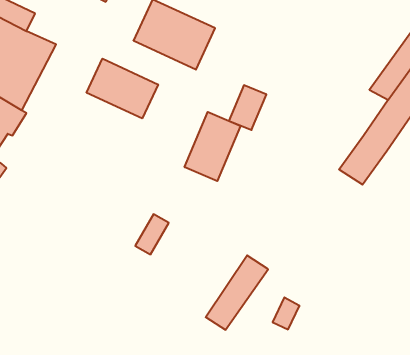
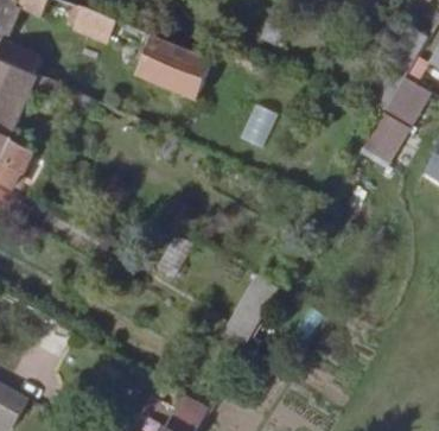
building: [87,59,158,118] -> none
building: [185,112,240,181] -> none

